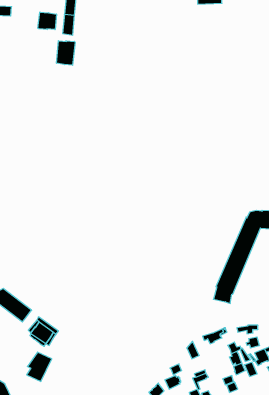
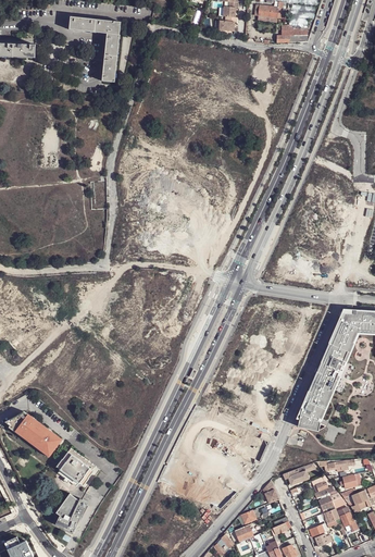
building: [38,12,56,30] -> none
building: [57,41,75,65] -> none

